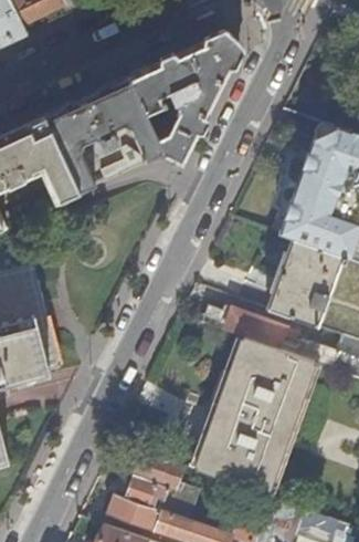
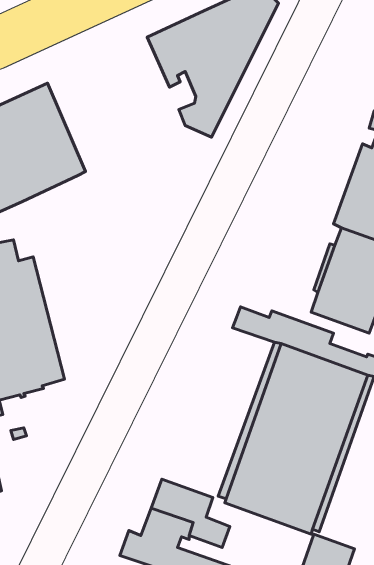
building: [46,79,162,191] -> none

